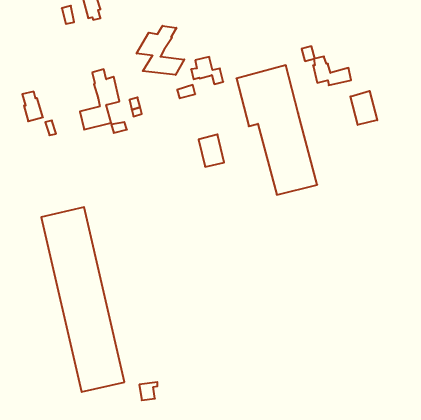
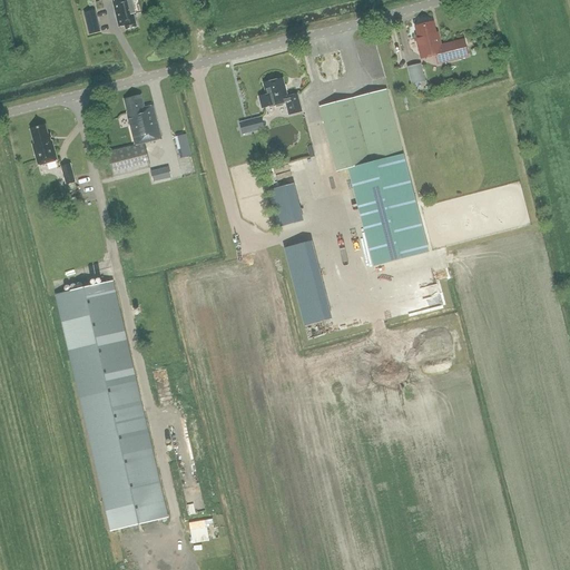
building: [137,26,184,75] -> none
building: [313,56,351,85] -> [416,21,468,60]
building: [350,91,377,125] -> none
building: none -> [284,238,331,324]

